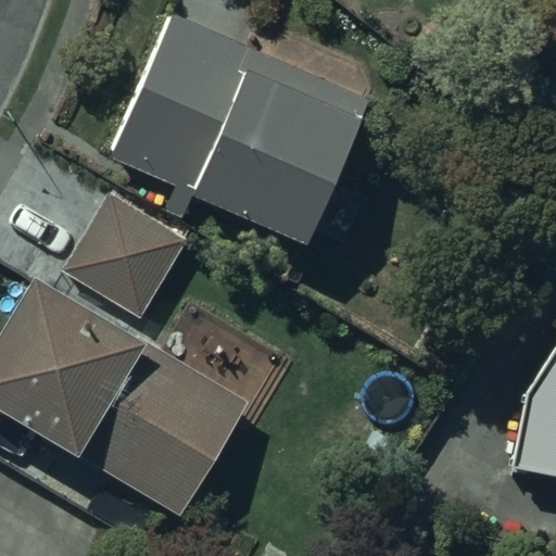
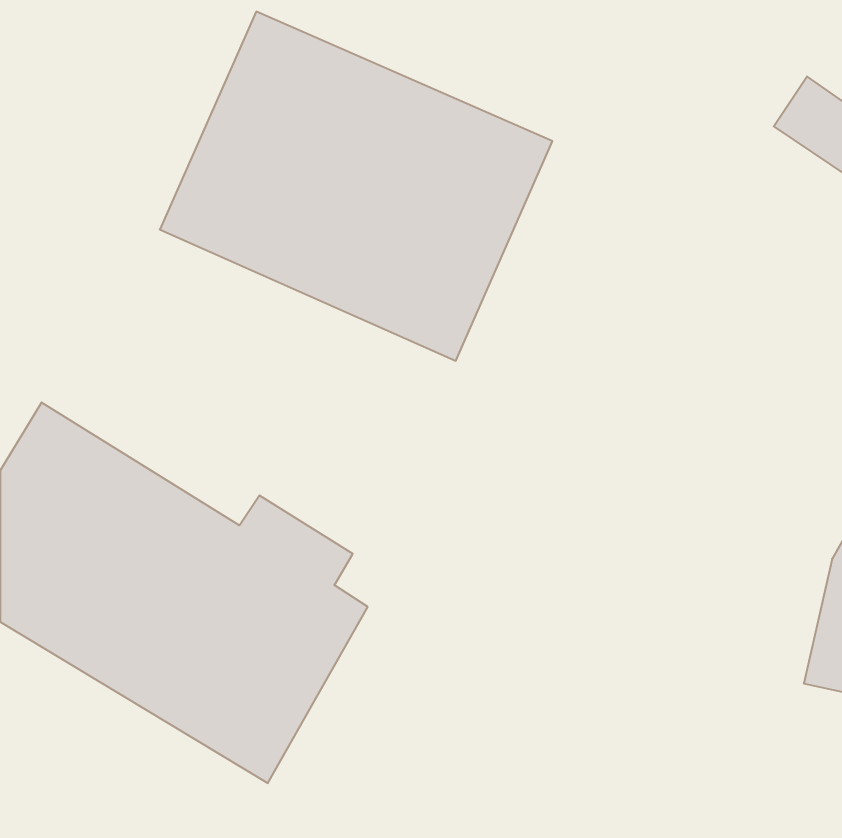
building: [62,195,188,321] -> none

